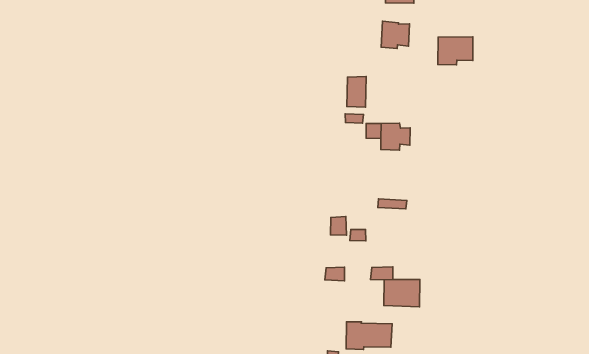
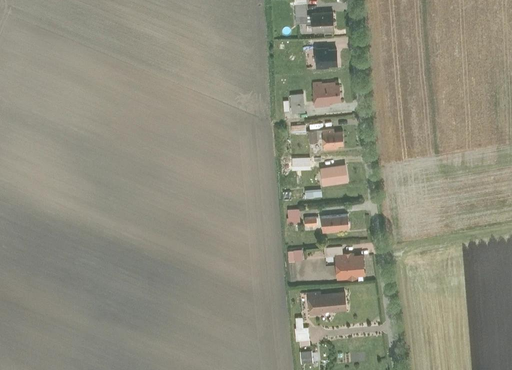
building: [438,37,473,65] -> [311,82,341,107]
building: none -> [319,165,347,184]
building: none -> [320,214,349,232]

